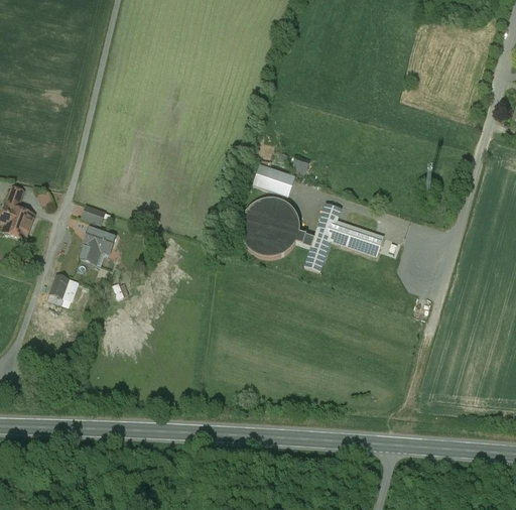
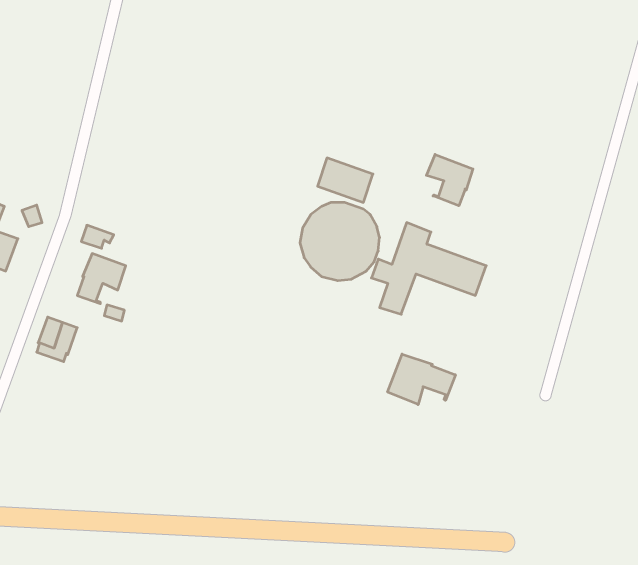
building: none -> [426,154,473,206]
building: none -> [388,354,455,405]

